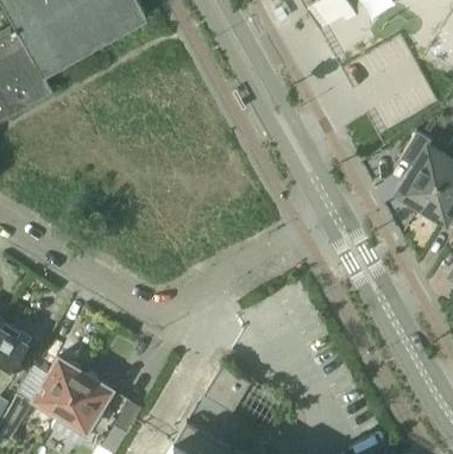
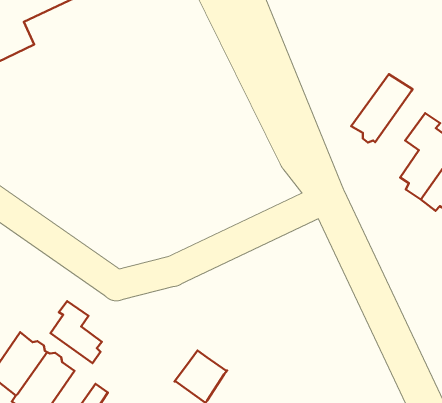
building: none -> [351,74,412,142]
building: none -> [51,301,102,363]

